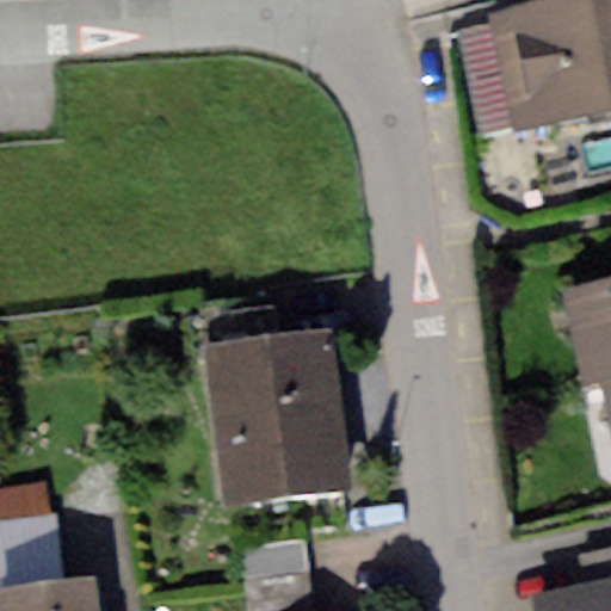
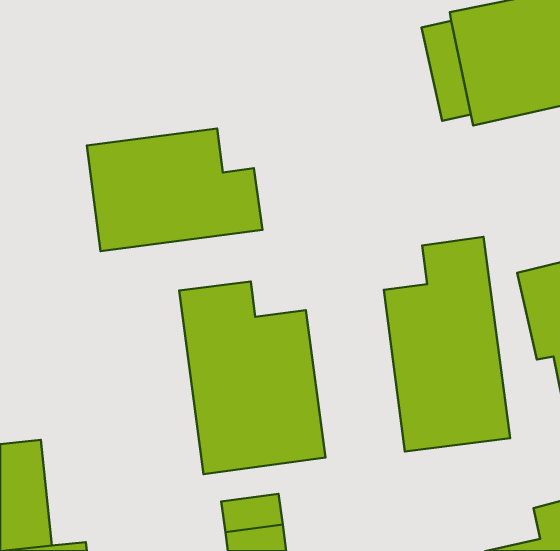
building: none -> [87,129,263,251]
building: none -> [384,237,510,452]

